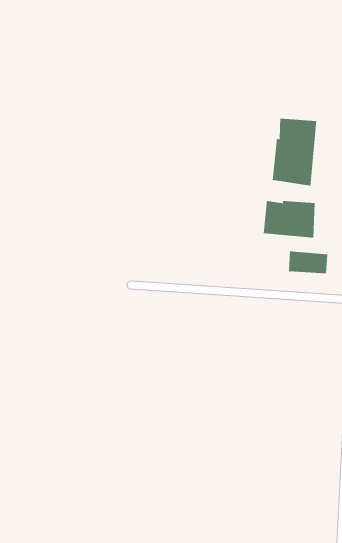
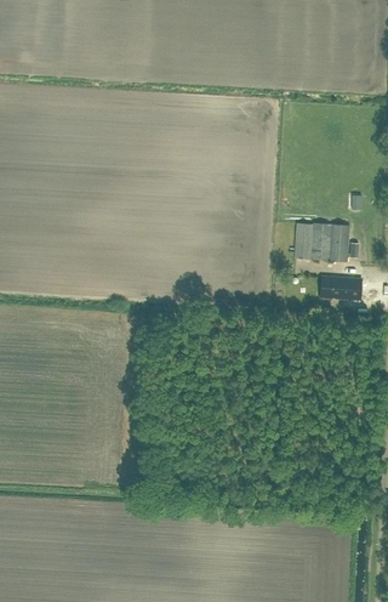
building: [272,118,317,187] -> none

